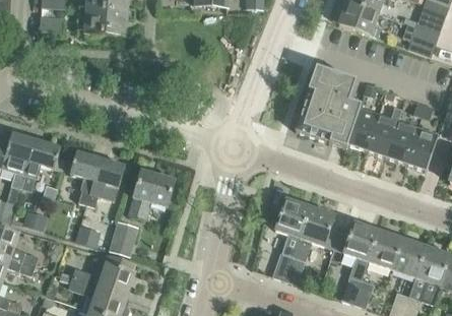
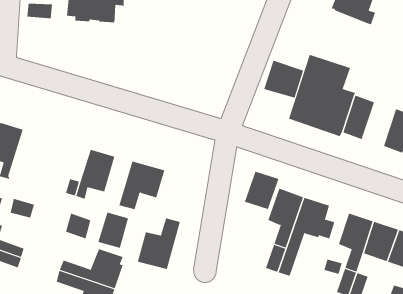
building: none -> [264,60,304,99]
building: [367,113,399,155] -> none
building: [22,139,61,188] -> none
building: [71,151,102,180] -> none
building: none -> [244,171,279,210]
building: none -> [137,217,180,270]

